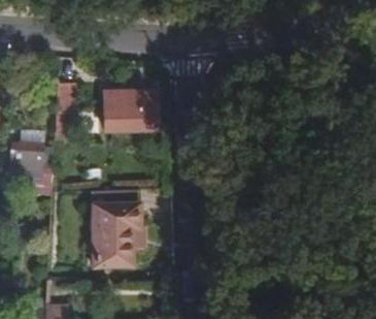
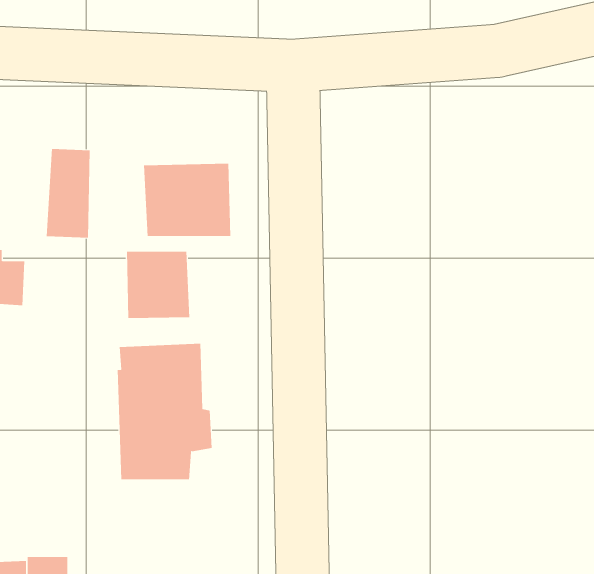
building: none -> [126,251,190,319]

